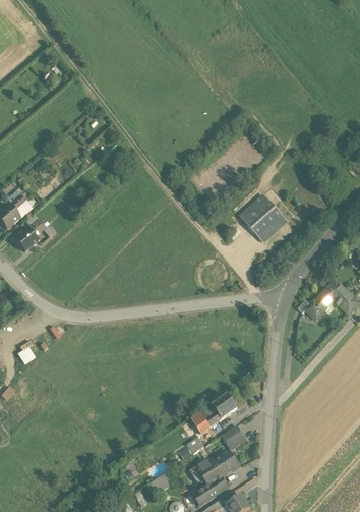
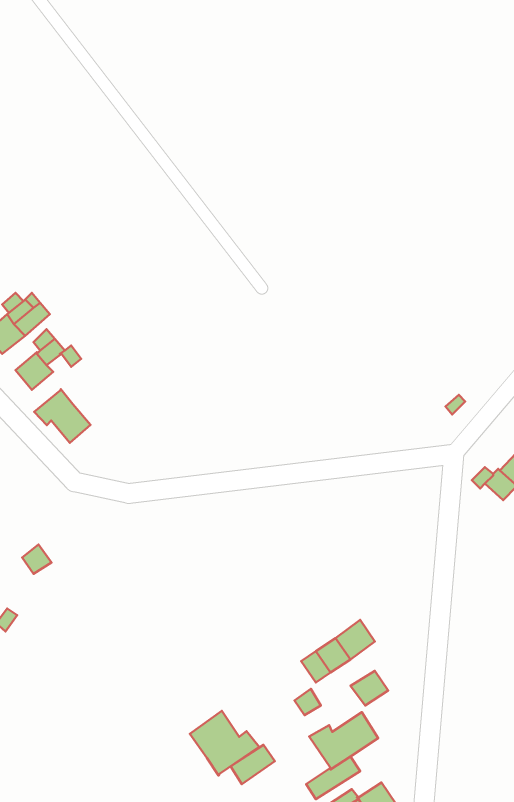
building: [240,192,286,239] -> none
building: none -> [34,389,90,443]
building: none -> [190,711,259,775]

